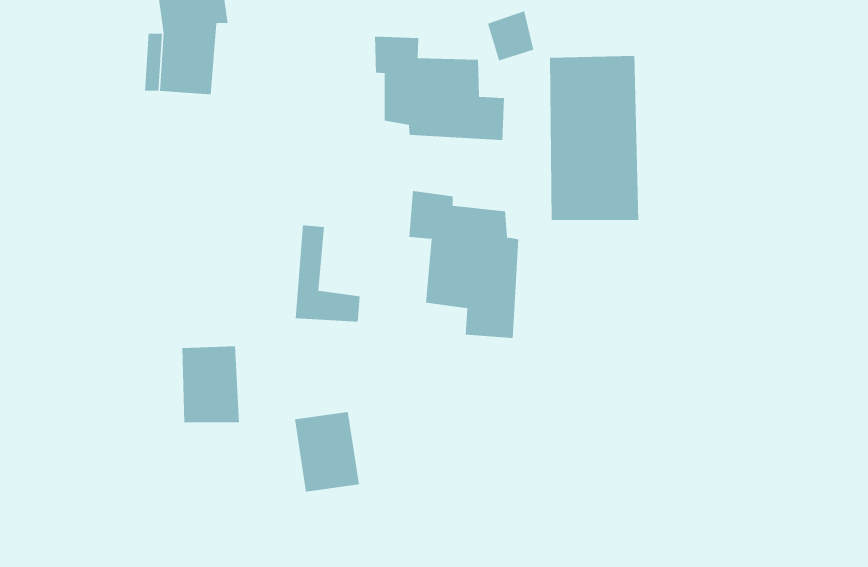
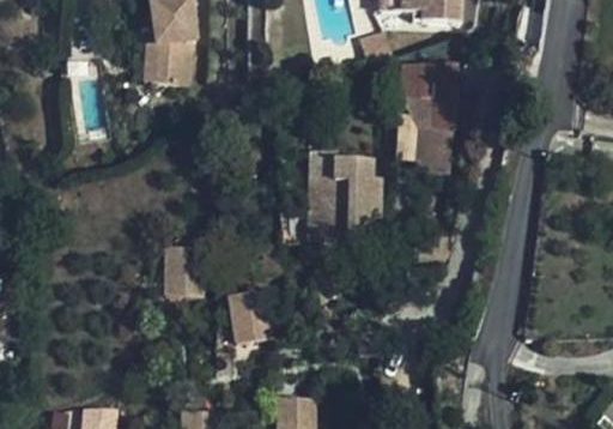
building: [374,36,504,141] -> none
building: [295,225,360,322] -> [305,175,347,237]

